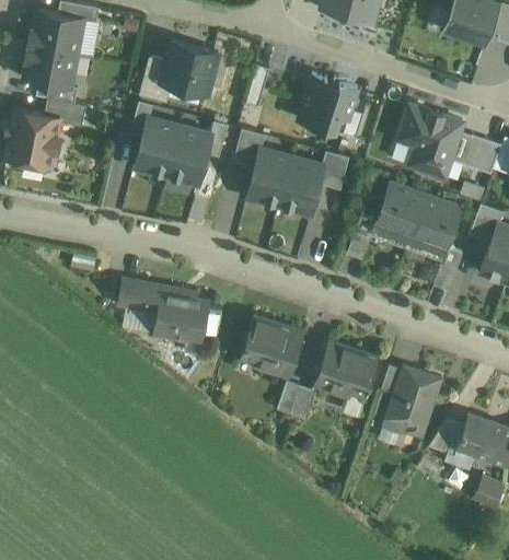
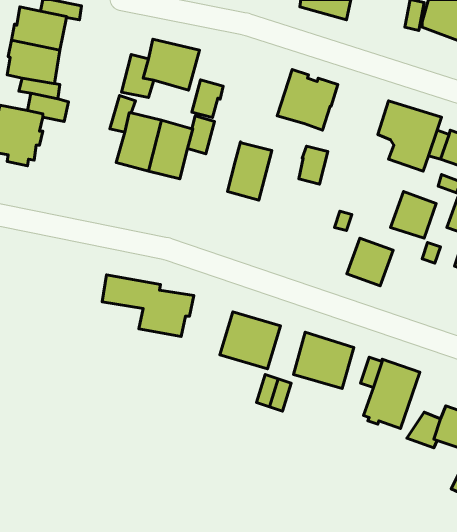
building: [234,128,266,166] -> [192,80,223,118]
building: [279,155,324,214] -> none
building: [379,185,426,233] -> [347,238,393,286]

